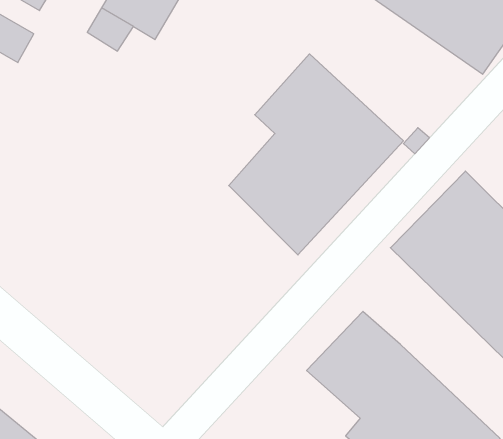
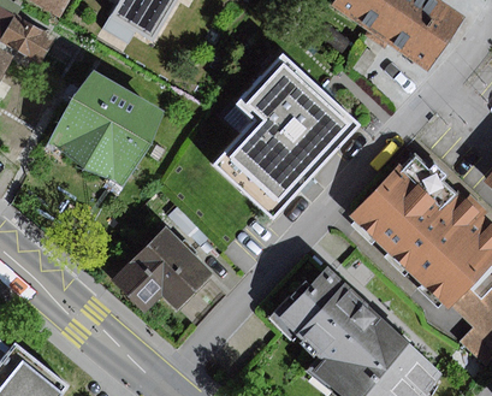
building: none -> [49,69,166,184]
building: none -> [111,224,214,312]

